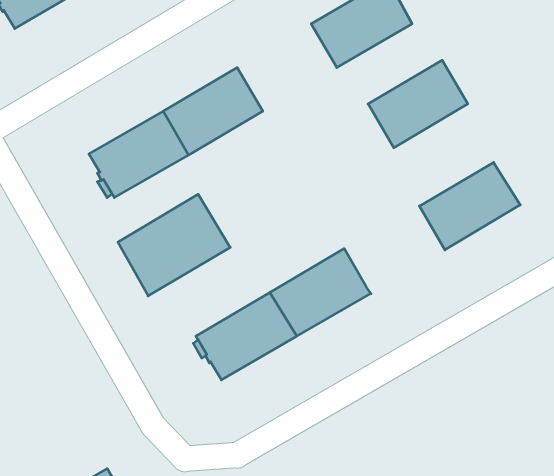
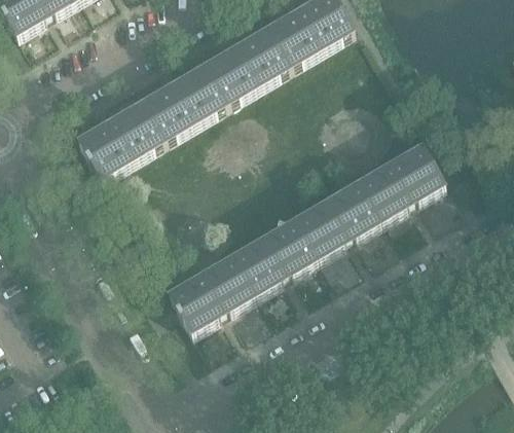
building: [368,60,468,148] -> [206,28,290,102]
building: [118,194,230,296] -> none
building: none -> [296,182,381,256]

